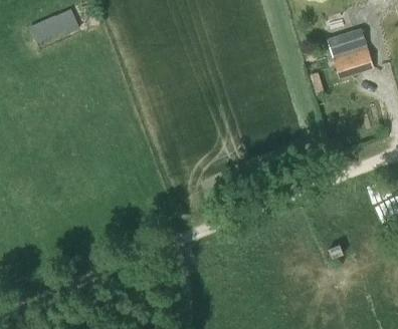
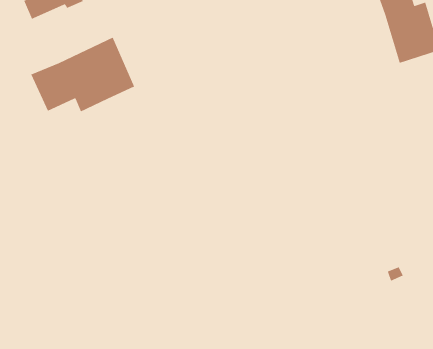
building: none -> [30,37,135,112]

